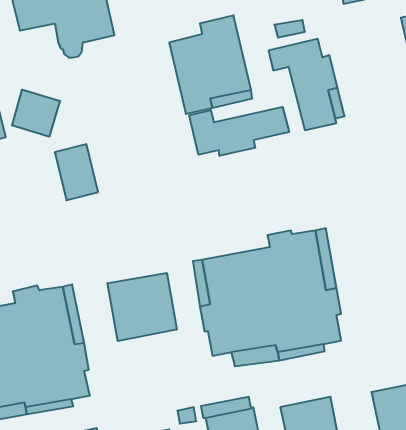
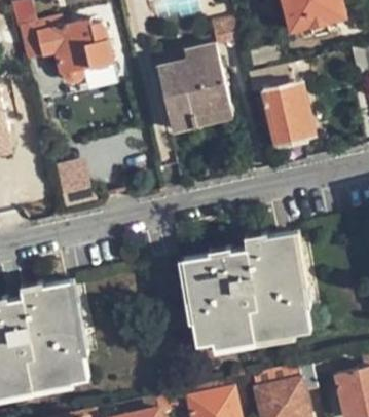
building: [12,90,60,137] -> none
building: [189,107,289,156] -> none
building: [107,273,177,341] -> none

